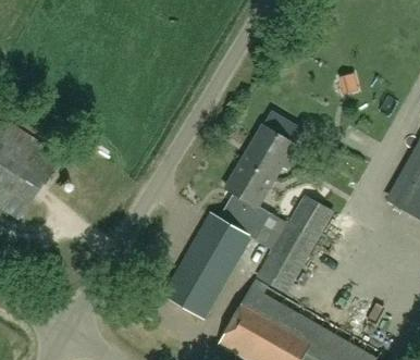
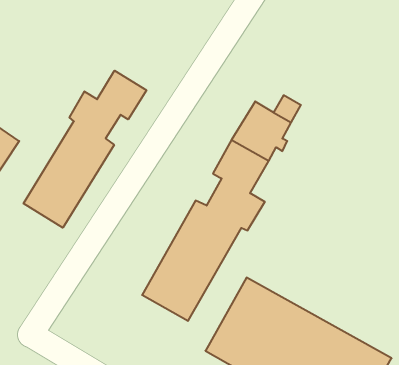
building: none -> [24,71,146,228]
building: [257,193,335,293] -> none

